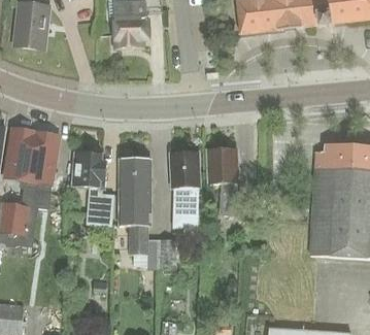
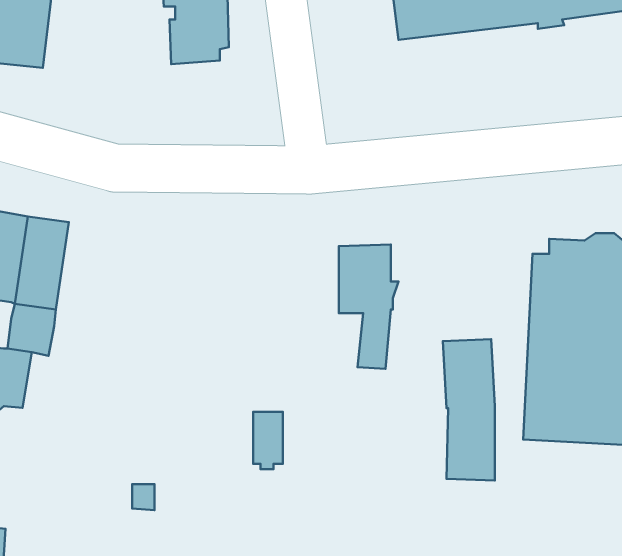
building: [73,150,114,226] -> none
building: [171,150,200,229] -> [443,339,495,481]
building: [120,155,150,267] -> none

